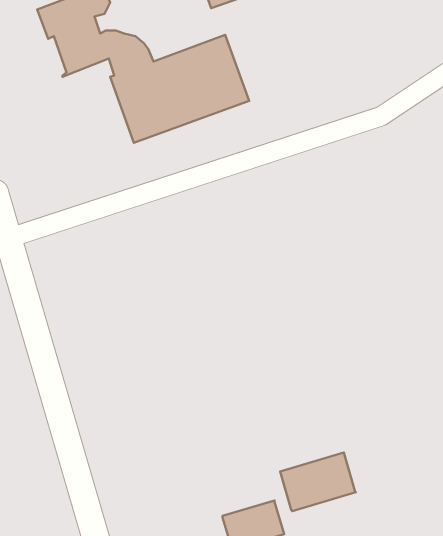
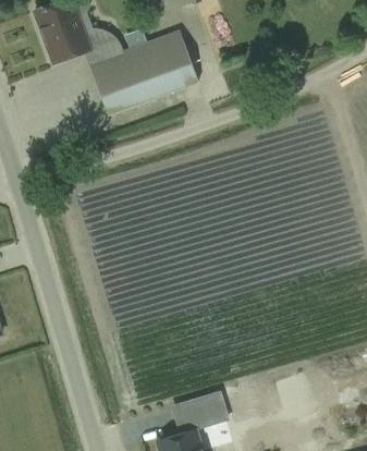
building: [280,453,356,511] -> none

